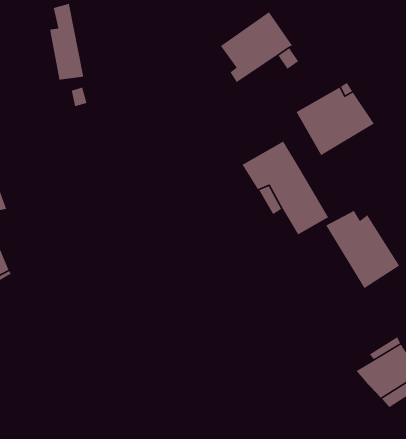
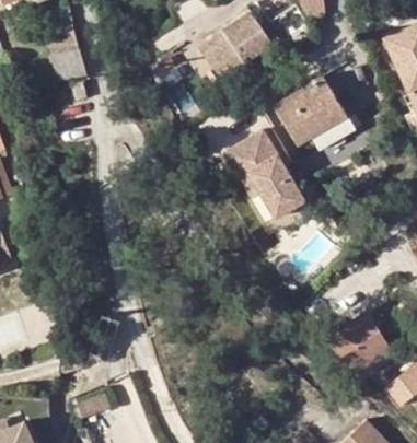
building: [325,210,400,289] -> none

